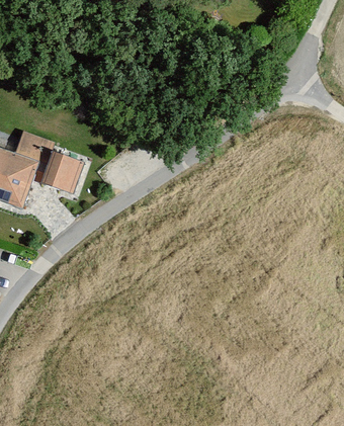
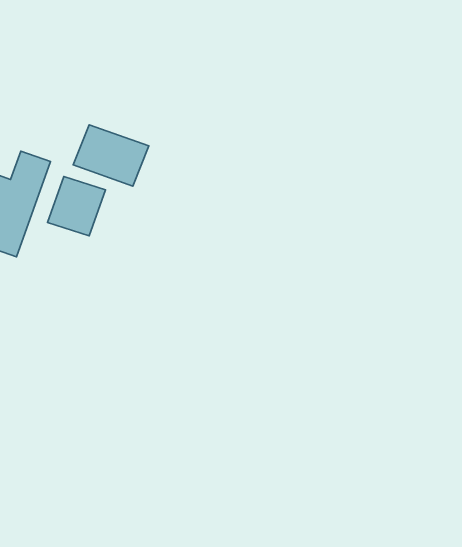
building: none -> [73,125,149,186]

